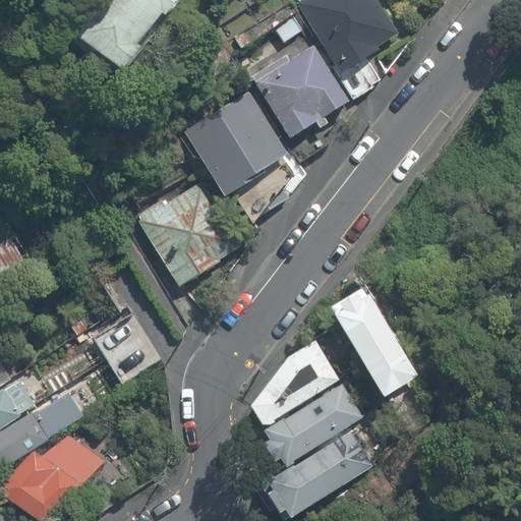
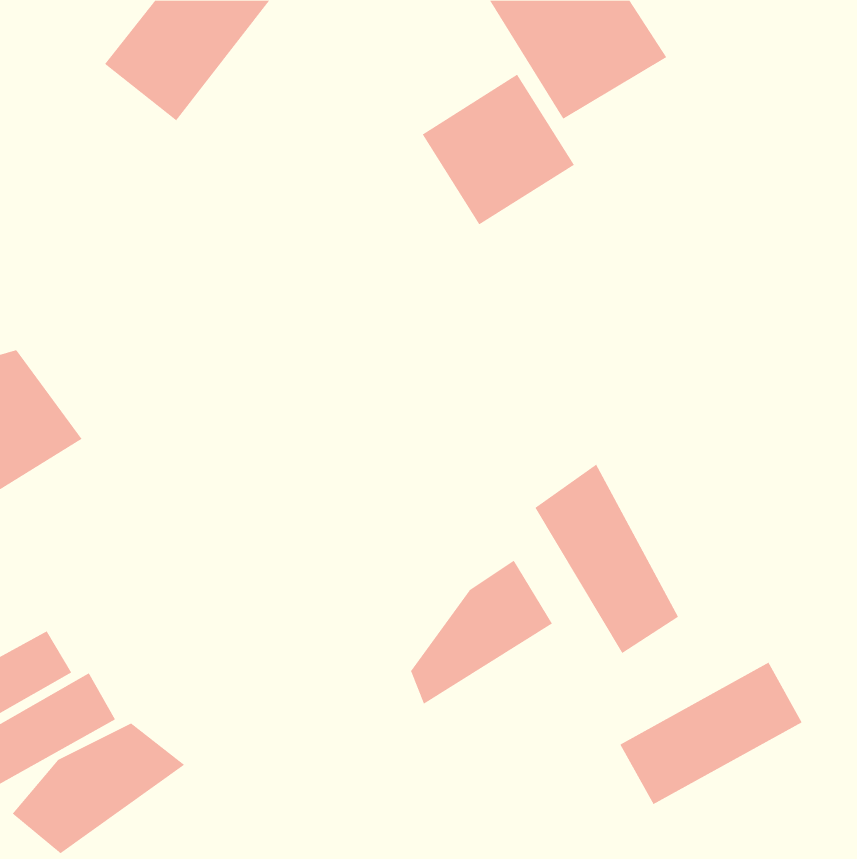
building: [185,91,283,194] -> none
building: [148,179,241,284] -> none
building: [260,386,360,464] -> none
building: [262,429,372,516] -> [619,662,803,805]

